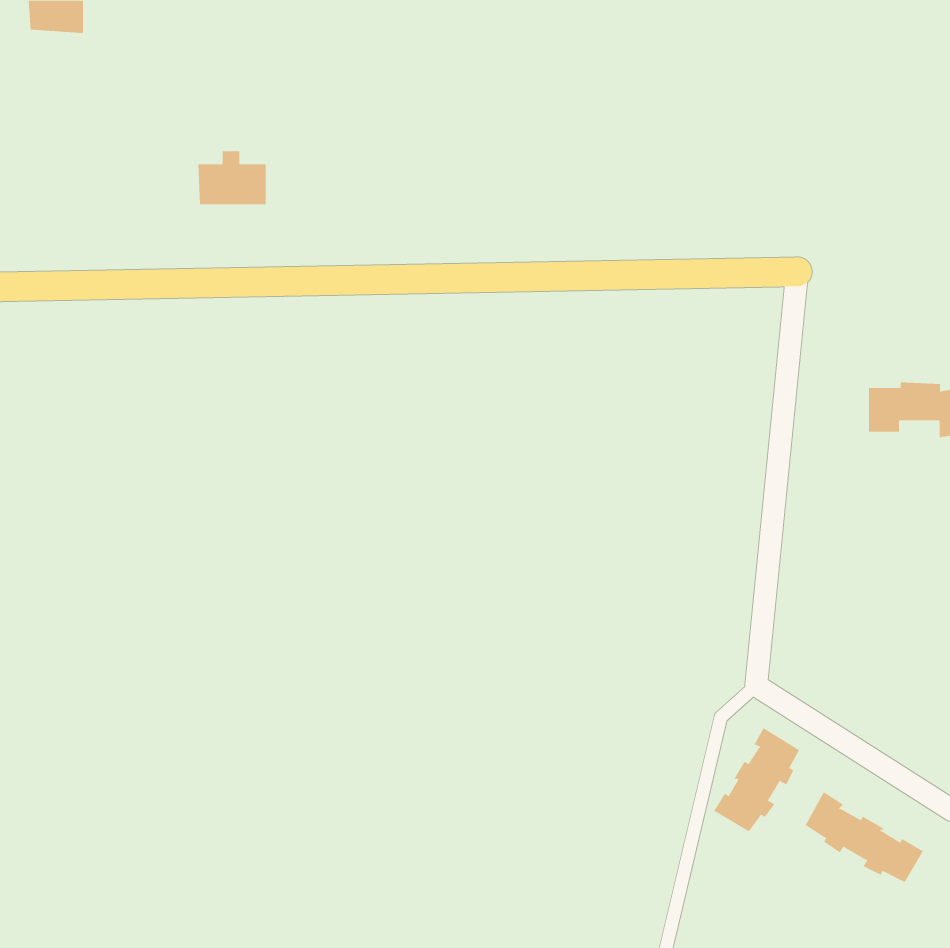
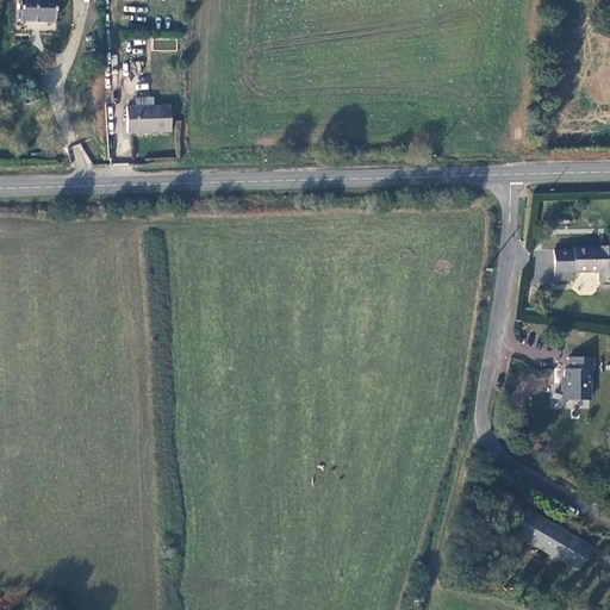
building: none -> [561,357,593,399]
building: [713,727,800,832] -> none

